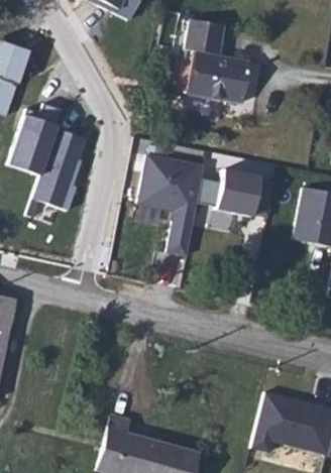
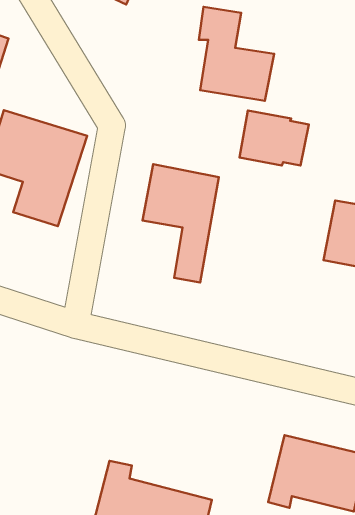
building: [221,171,281,219] -> [240,110,309,166]

